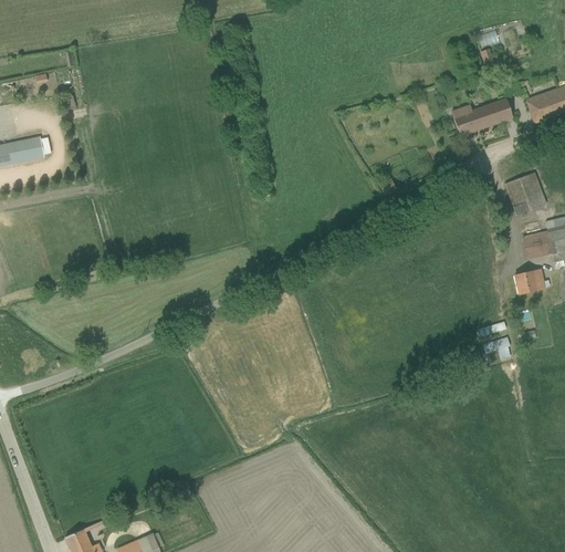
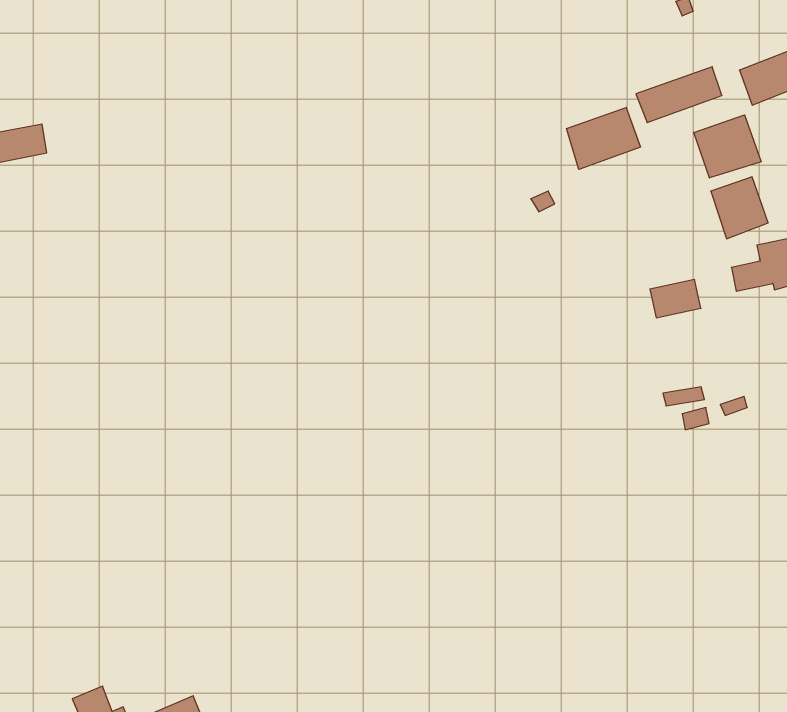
building: none -> [567,107,640,169]
building: none -> [694,115,761,178]
building: [512,269,547,295] -> [650,280,701,318]

